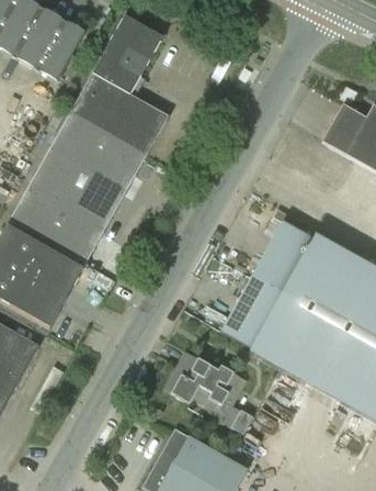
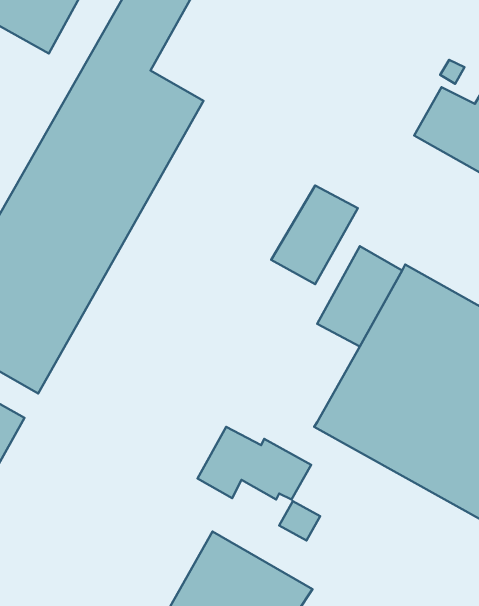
building: [219,276,282,347] -> [271,186,358,284]

